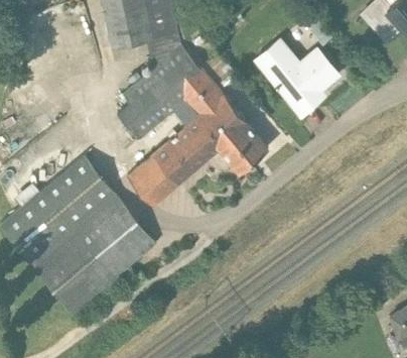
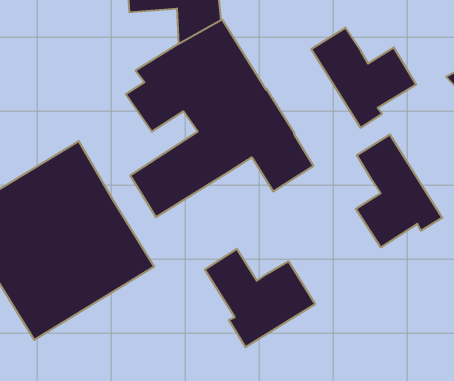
building: none -> [356,134,442,247]
building: none -> [205,249,315,347]

